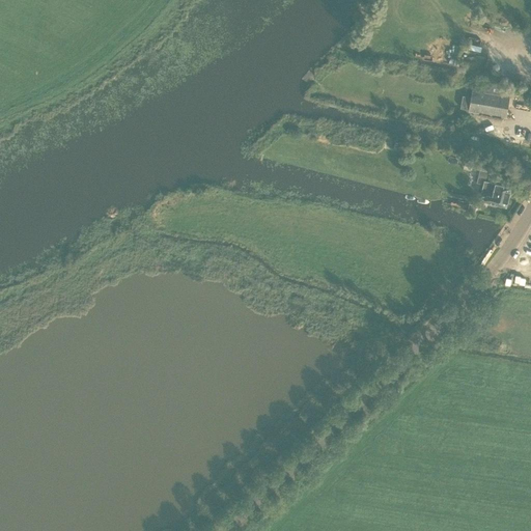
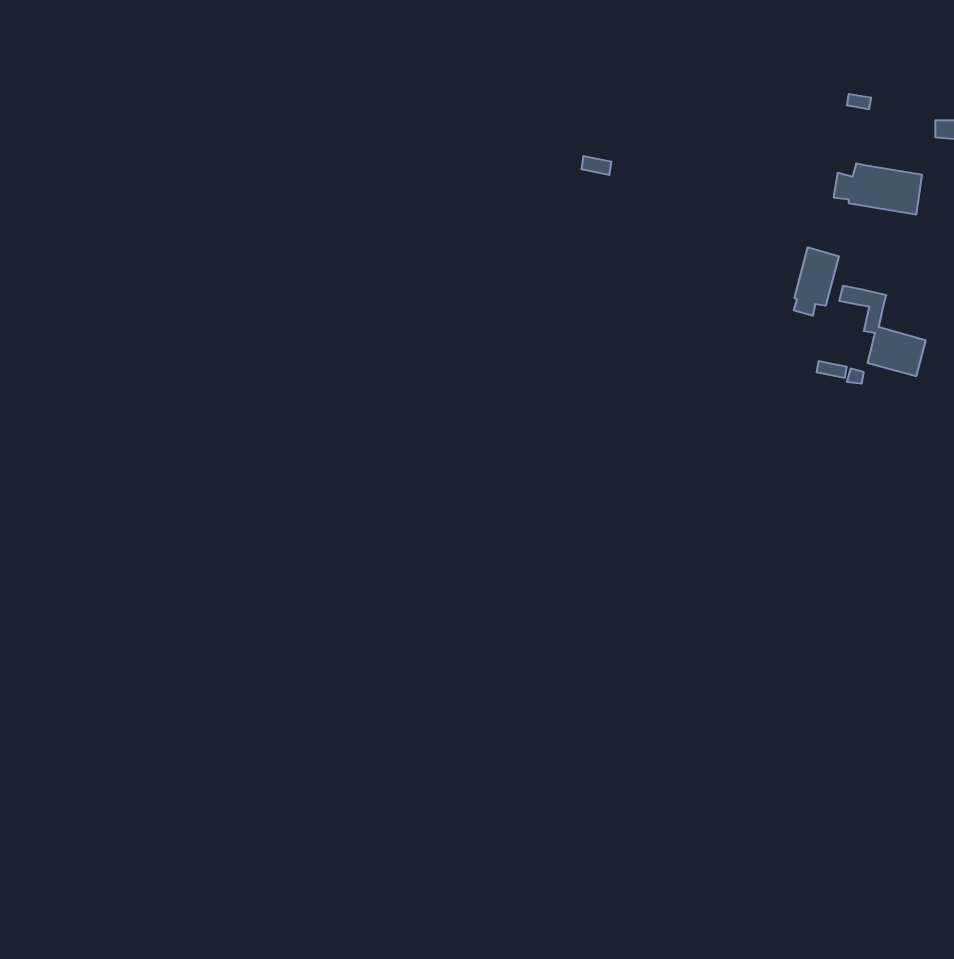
building: none -> [794,247,839,316]

